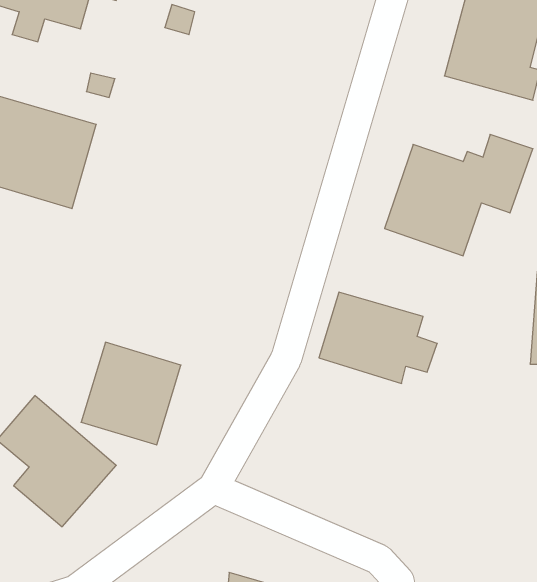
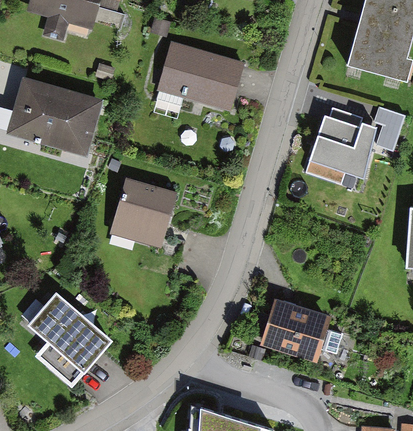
building: none -> [155,40,244,111]
building: [319,292,437,383] -> [260,299,343,363]
building: [81,342,181,445] -> [109,177,179,249]

